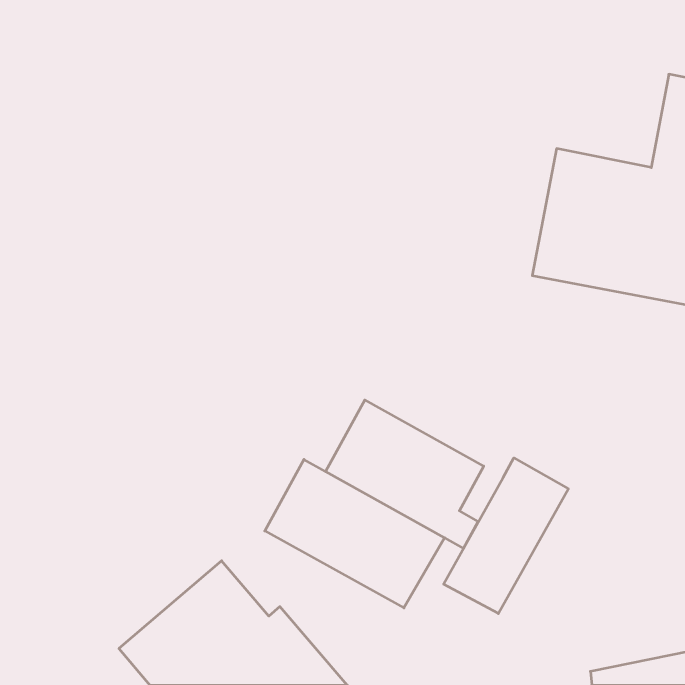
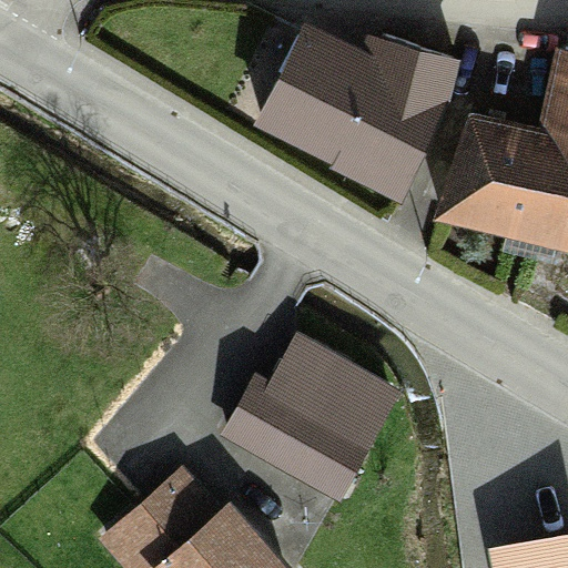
building: none -> [255,32,455,200]
building: [444,458,568,614] -> none

